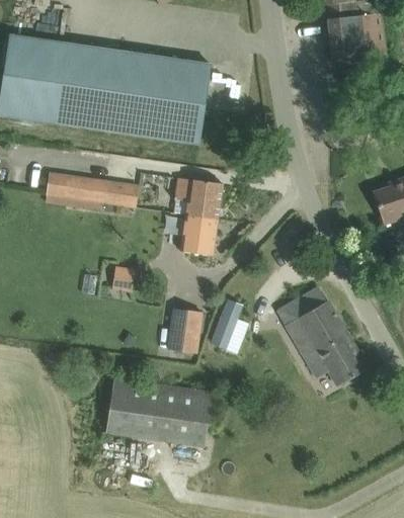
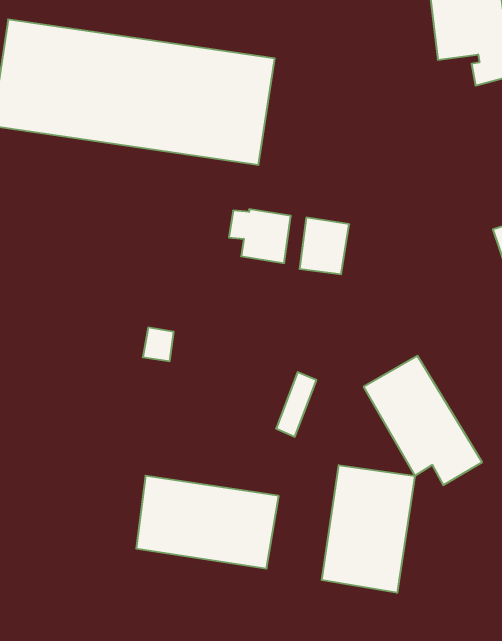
building: [45,172,138,210] -> none
building: [179,212,217,255] -> [299,218,349,274]
building: [168,309,206,354] -> none
building: none -> [322,465,415,593]

